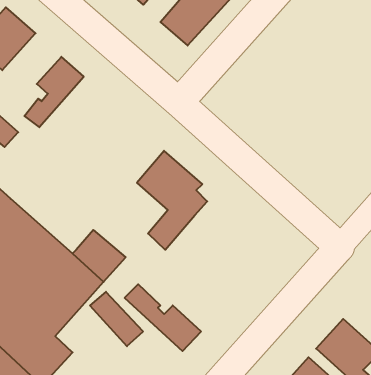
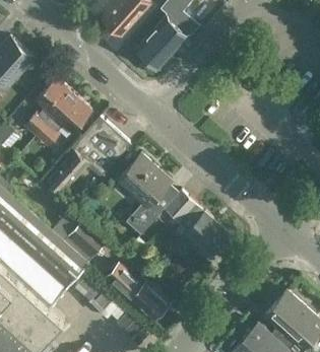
building: none -> [37,94,91,145]
building: none -> [46,118,130,196]
building: none -> [165,192,231,257]

